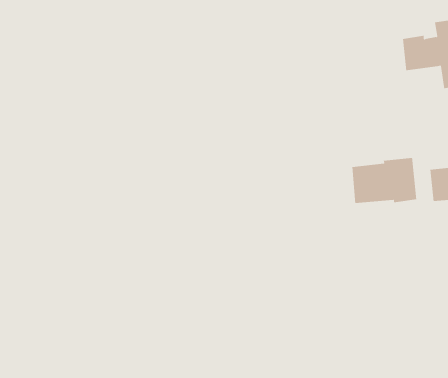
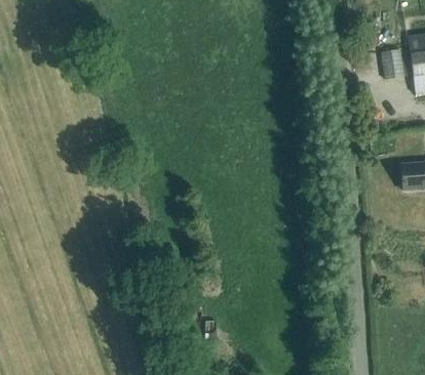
building: [352,157,417,204] -> none

